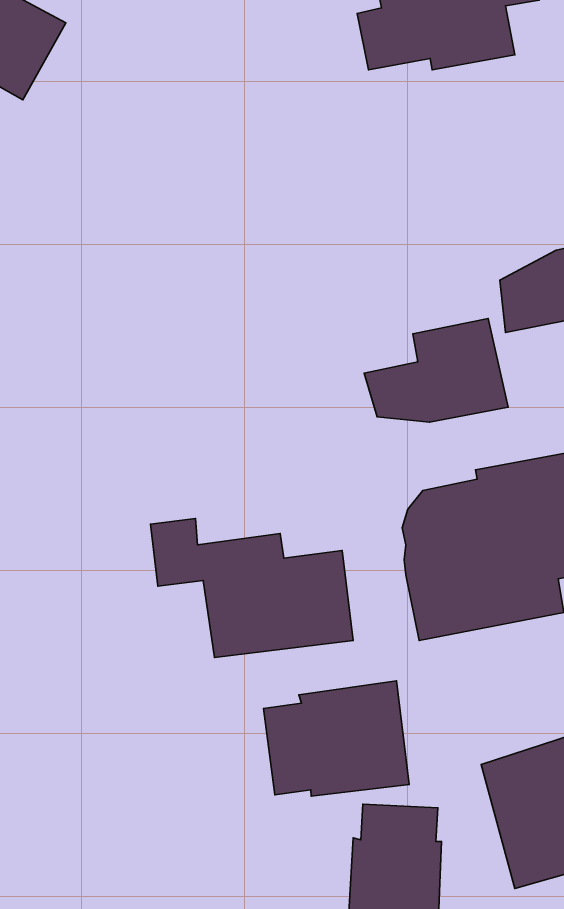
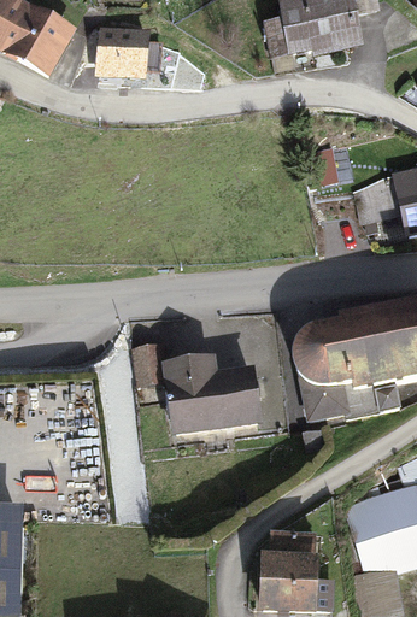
building: none -> [100,30,146,78]
building: [364,319,508,422] -> none
building: [264,681,409,796] -> none

